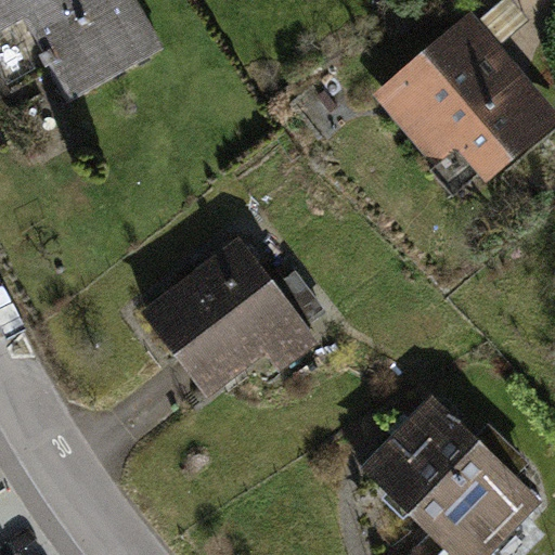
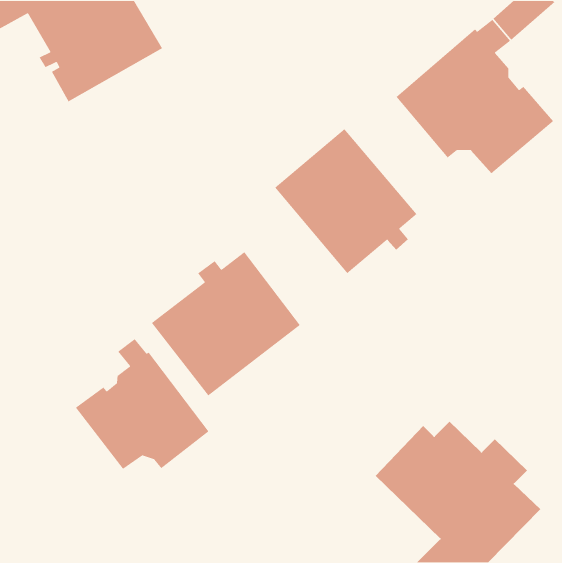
building: none -> [274,128,418,274]
building: none -> [75,338,210,470]

